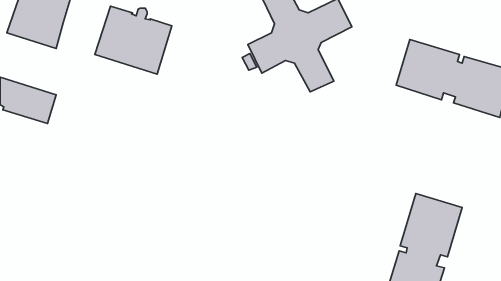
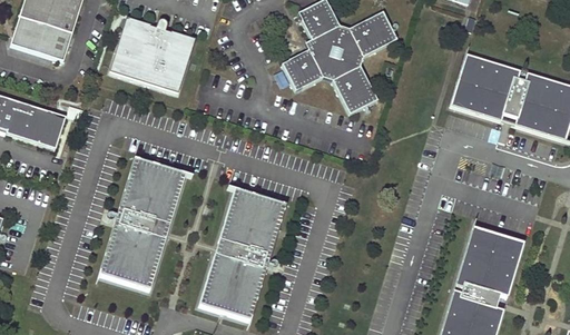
building: none -> [100,157,187,289]
building: none -> [199,187,286,319]

